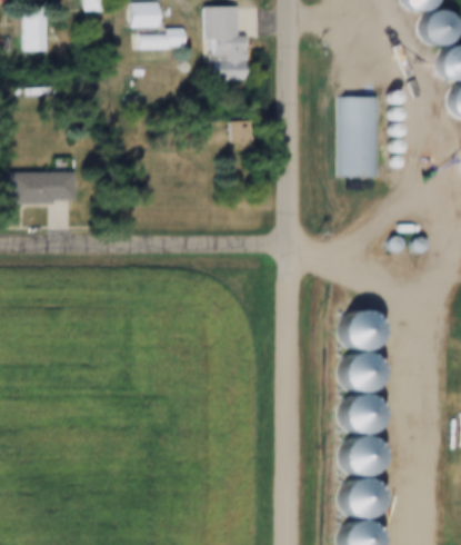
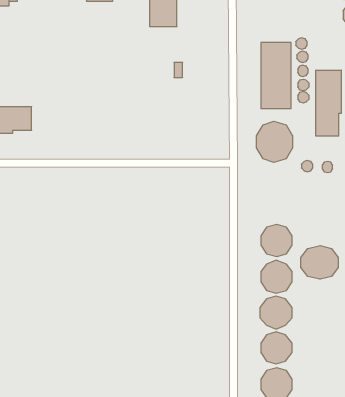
building: none -> [316,70,341,136]
building: none -> [256,121,293,162]
building: none -> [301,246,338,279]

